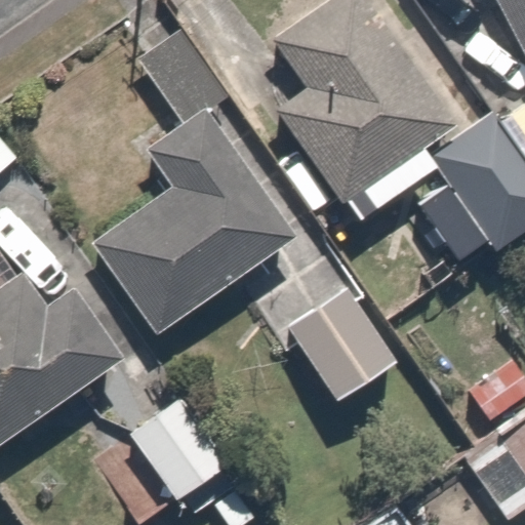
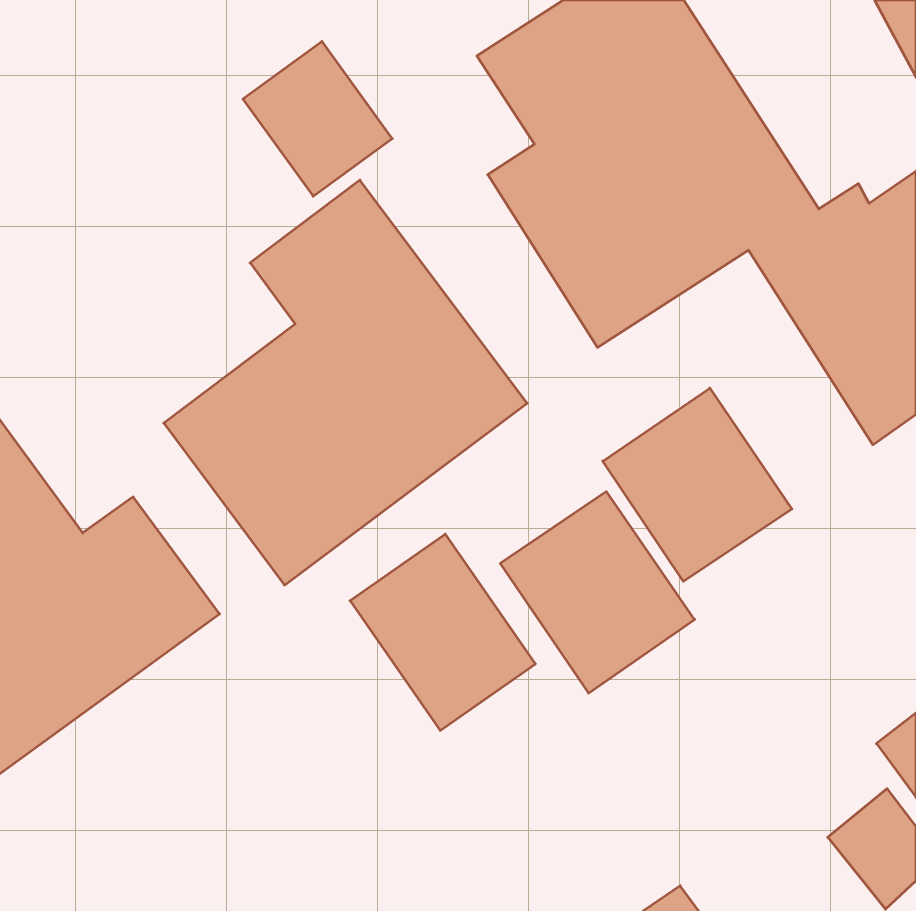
building: none -> [603,388,792,581]
building: [129,396,235,508] -> [350,534,535,730]

